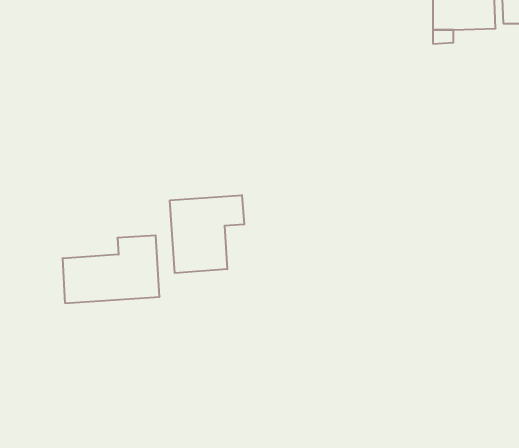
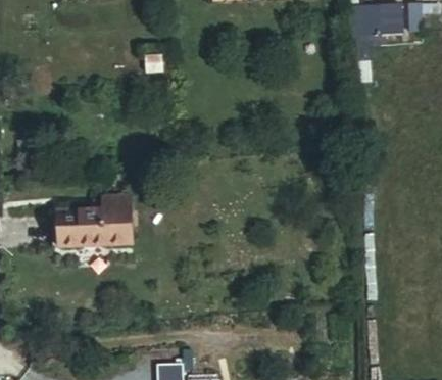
building: [170,195,244,273] -> none

